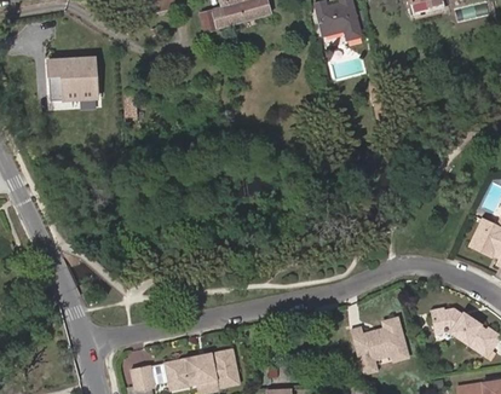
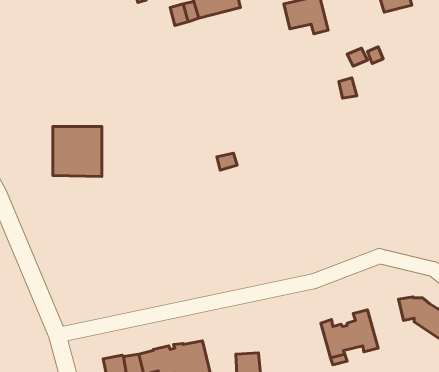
building: [41,56,91,106] -> [53,126,102,177]

